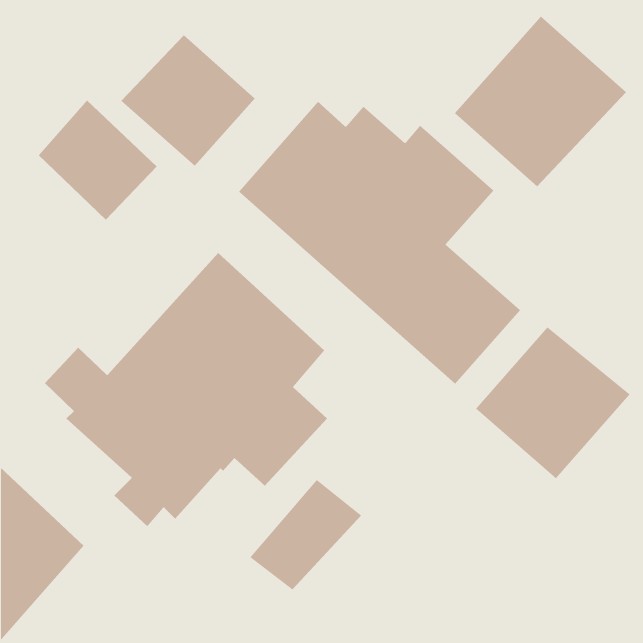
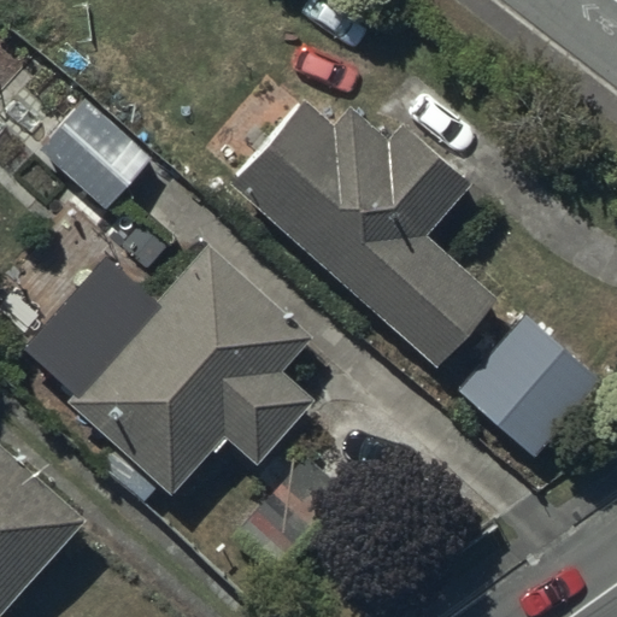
building: [454,16,627,187] -> none
building: [121,35,256,167] -> none

